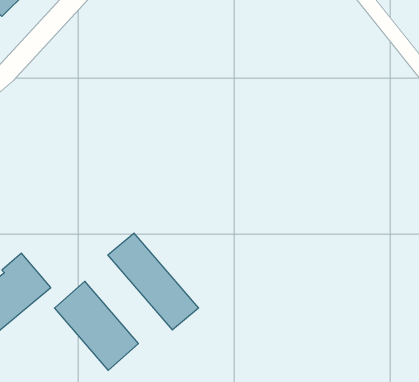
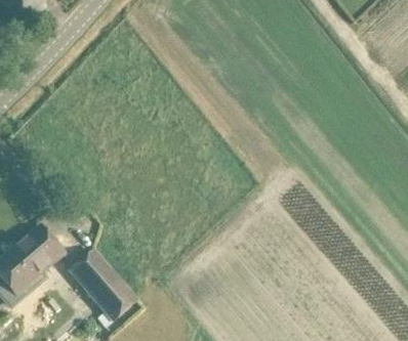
building: [108,233,199,330] -> none

